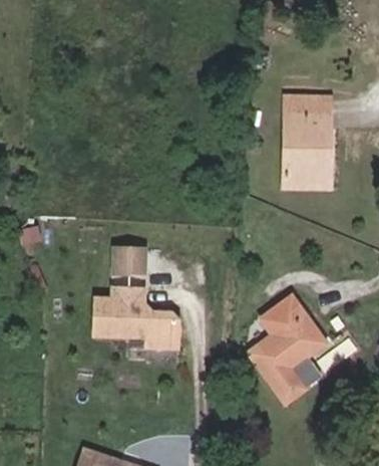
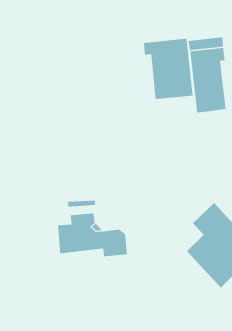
building: none -> [143,38,194,100]
building: [111,242,149,273] -> none

